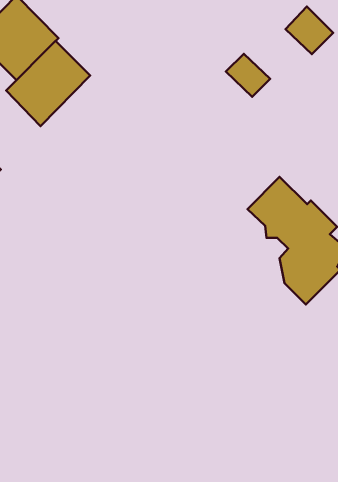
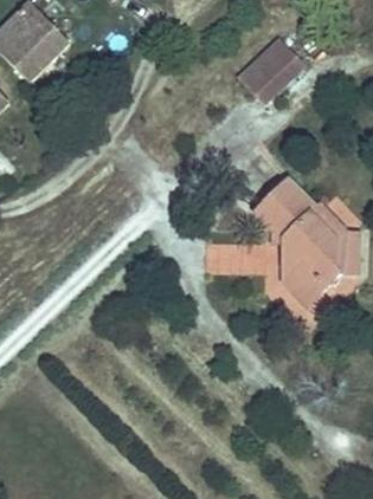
building: [285,6,333,54] -> [252,34,300,82]
building: [6,41,90,126] -> none

